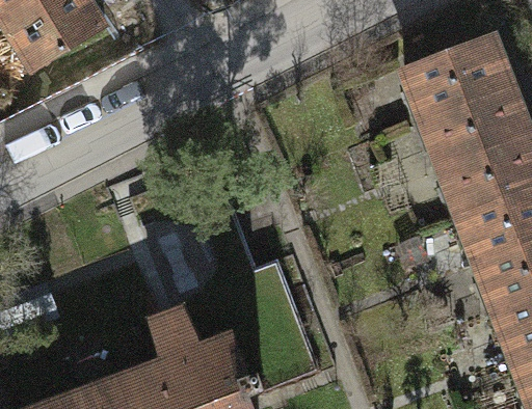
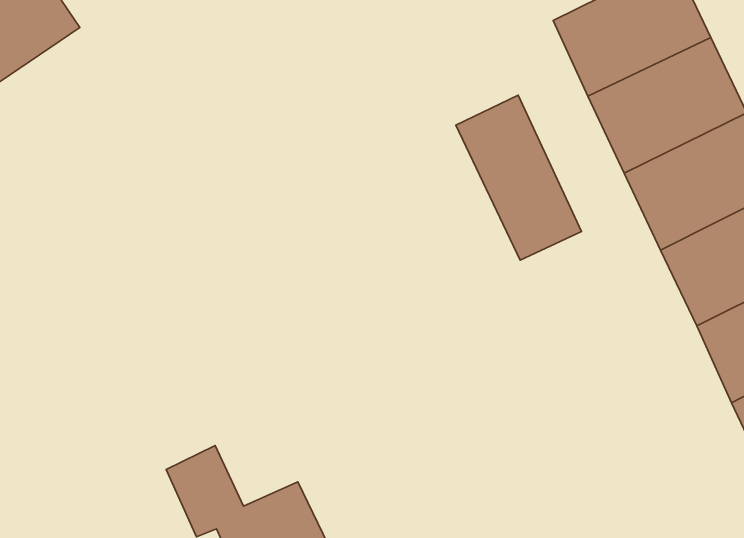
building: none -> [456,95,582,260]

